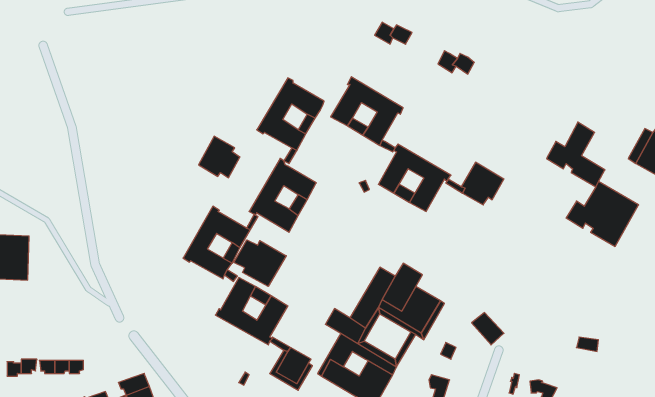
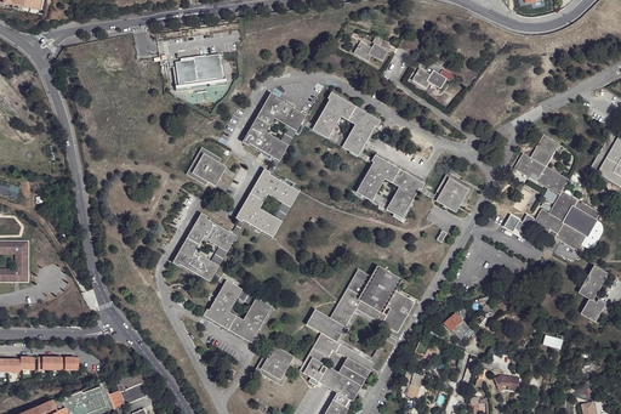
building: none -> [173,52,226,81]
building: [234,240,286,286] -> none
building: none -> [580,265,609,322]

